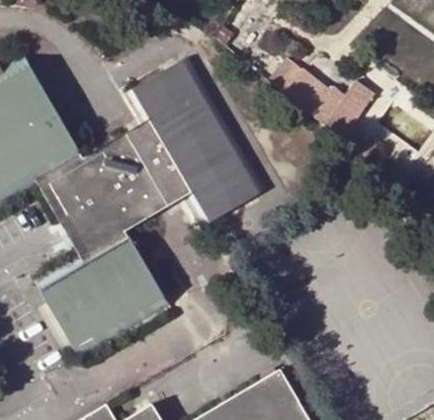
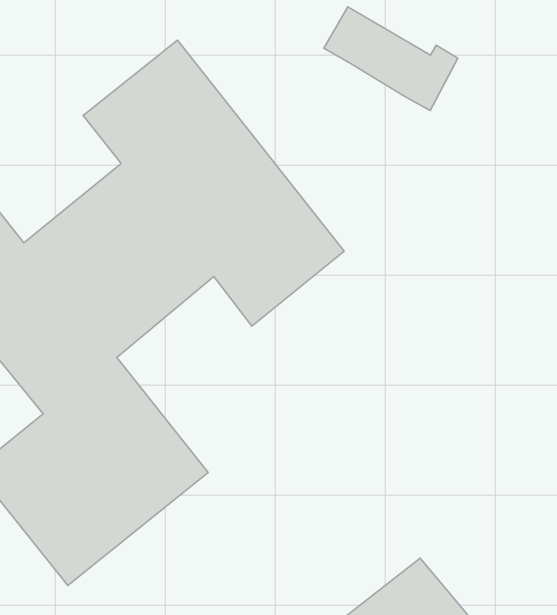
building: [325,76,381,159] -> none

